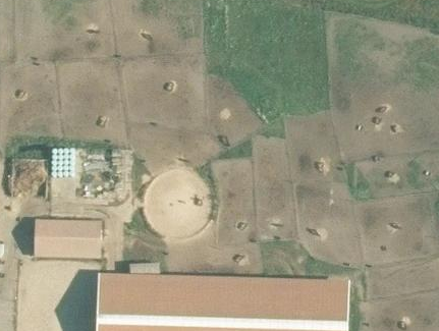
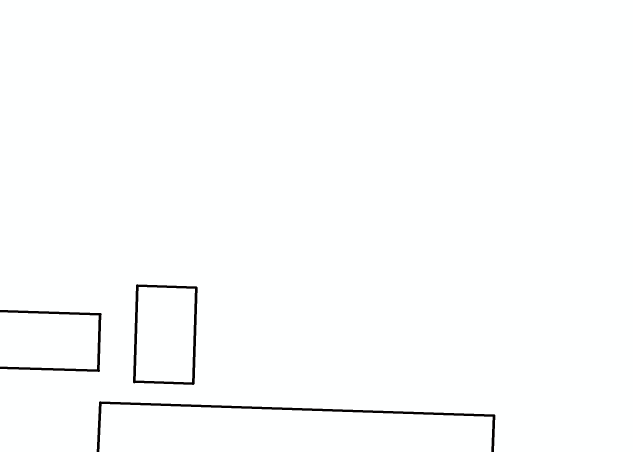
building: none -> [134,286,196,384]

